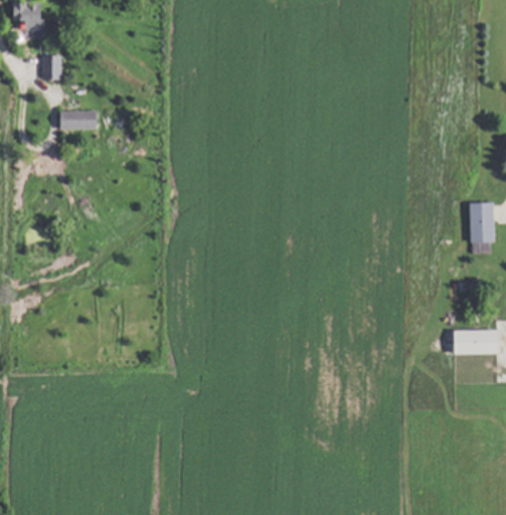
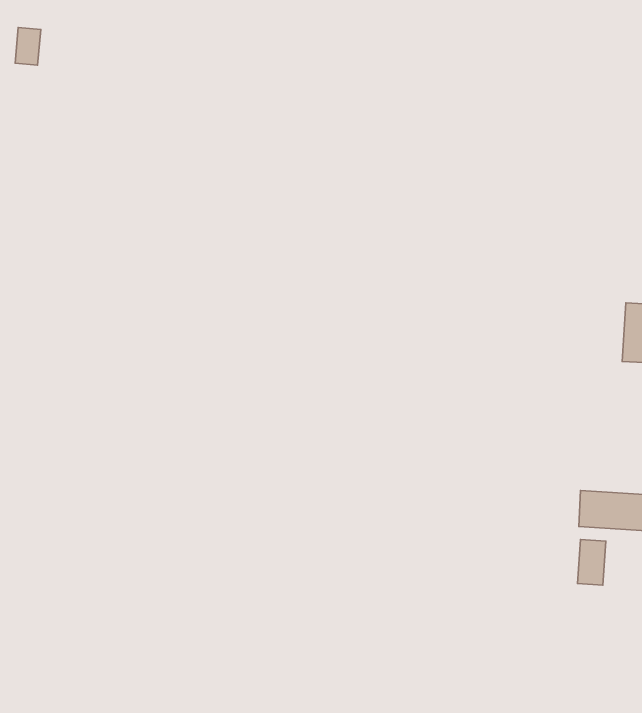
building: [58,111,99,130] -> none
building: none -> [578,540,606,585]

